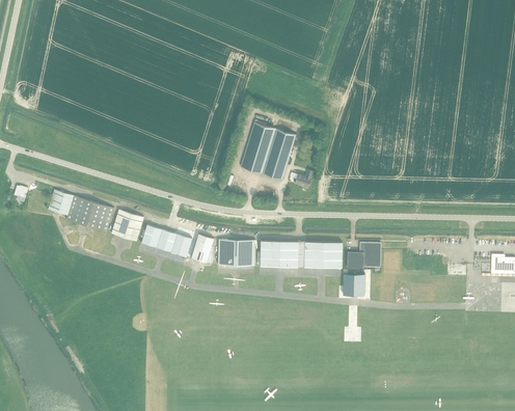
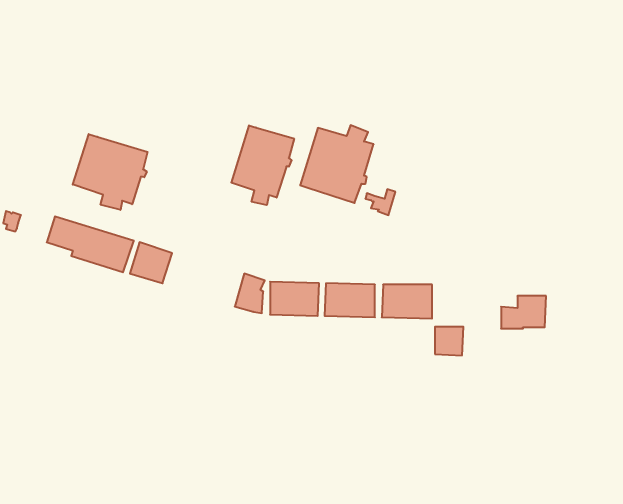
building: none -> [231,125,294,205]
building: none -> [73,134,148,210]
building: [140,224,191,256] -> none
building: [346,243,380,268] -> [501,296,546,329]

